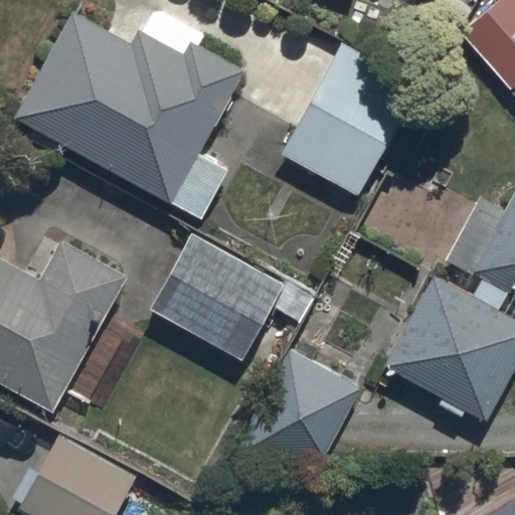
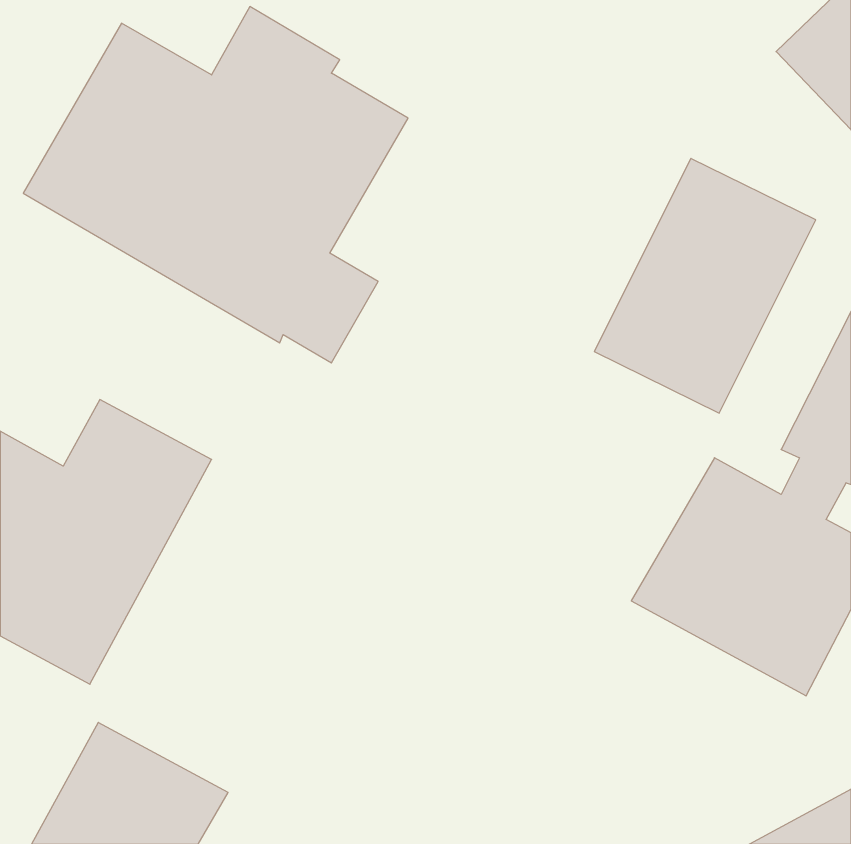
building: [284,40,417,194] -> [594,158,816,413]
building: [152,239,280,356] -> none
building: [233,350,359,488] -> none

